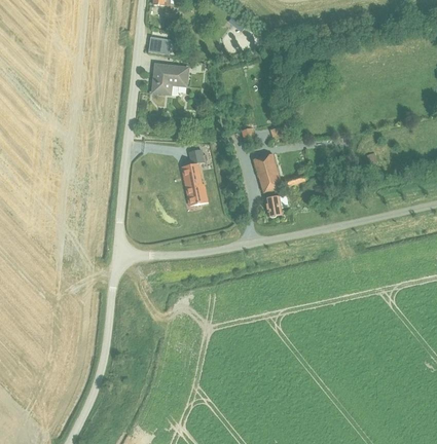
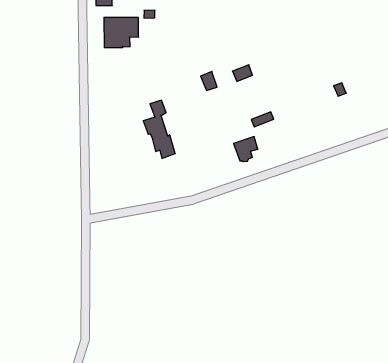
building: [252,152,281,191] -> none

